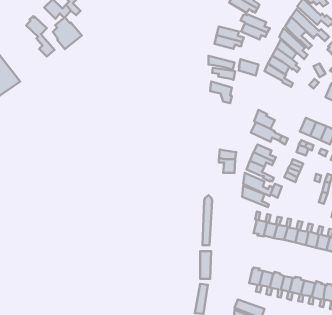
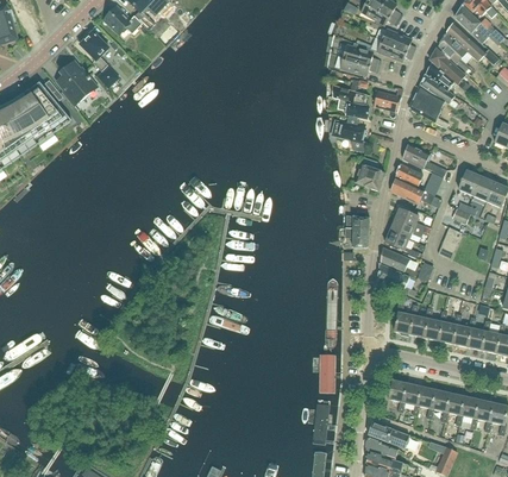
building: [53,17,82,49] -> [57,59,98,103]
building: none -> [402,143,446,177]
building: none -> [356,158,384,189]

